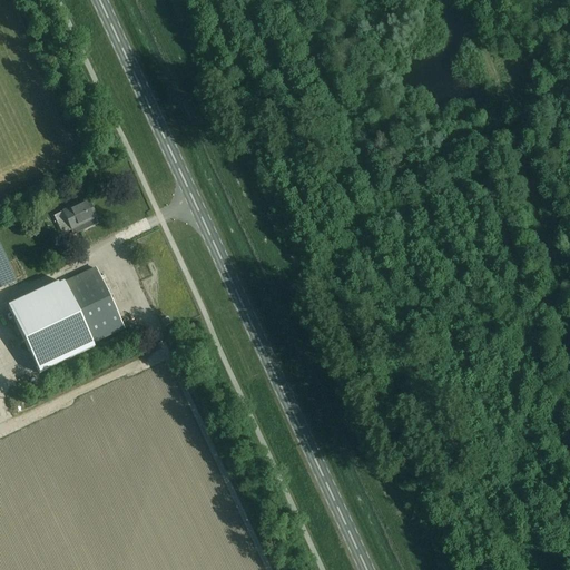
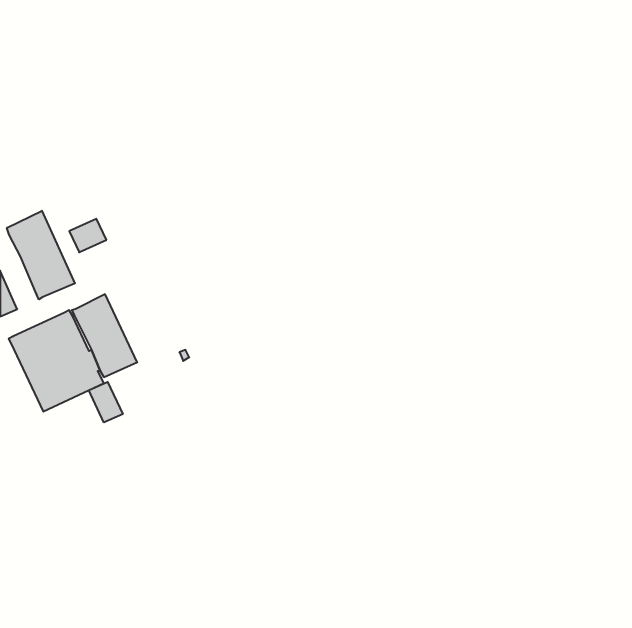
building: none -> [7,211,75,299]
building: none -> [89,382,123,422]

